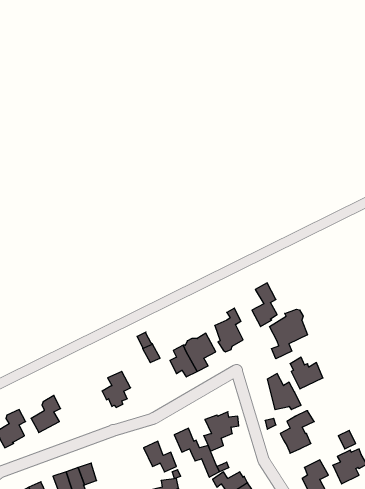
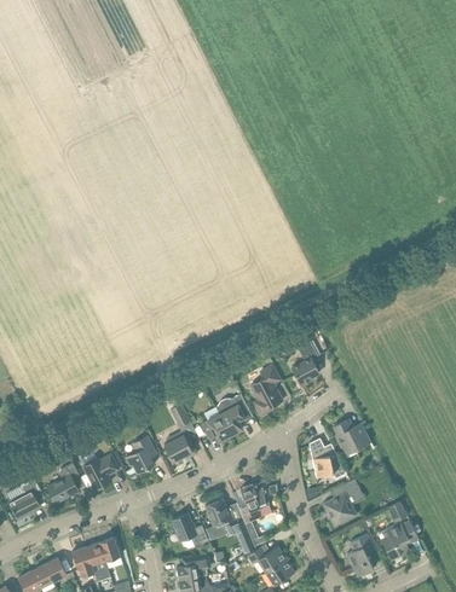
building: [270,309,307,359] -> none
building: none -> [164,431,197,462]
building: none -> [82,454,119,489]

